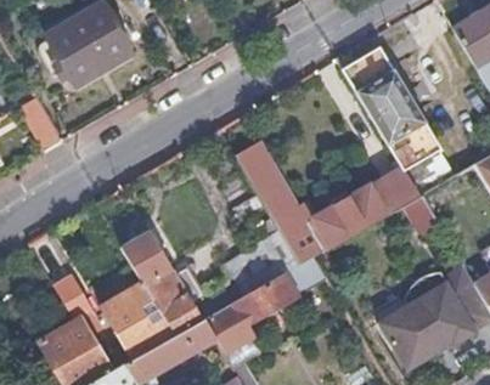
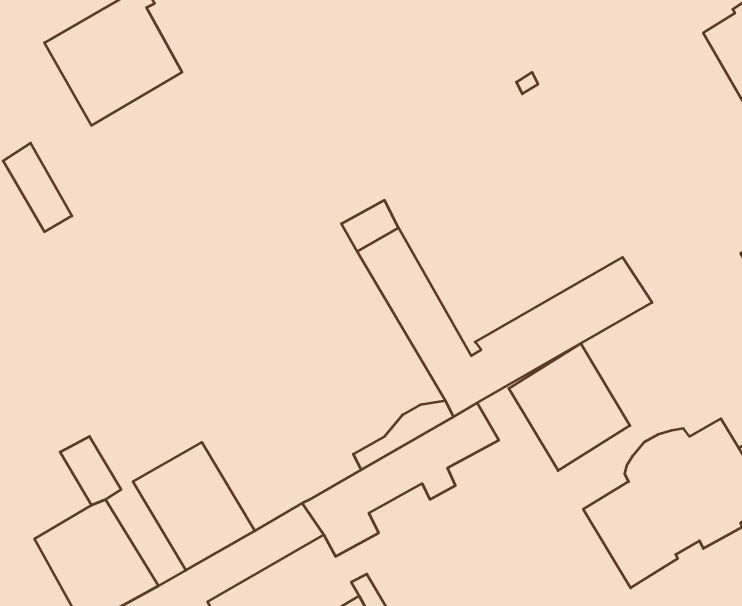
building: [344,47,441,163] -> none
building: none -> [509,343,630,471]
building: [123,231,210,335] -> none

